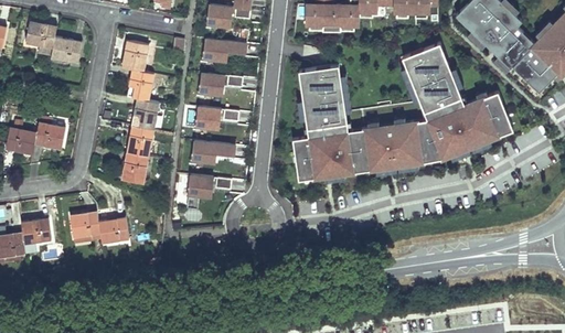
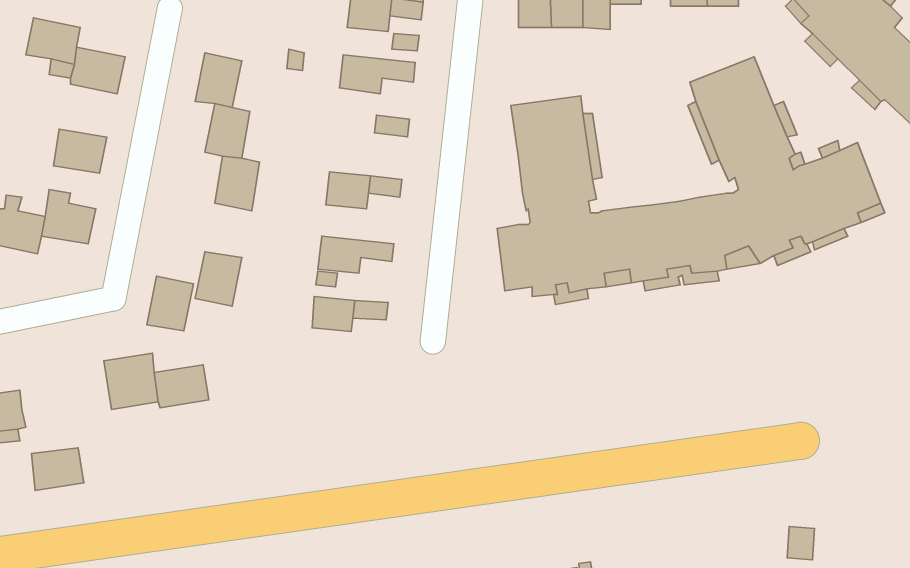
building: [200,73,224,94] -> none
building: none -> [54,129,107,173]
building: [127,125,153,155] -> [147,276,194,331]
building: [21,217,51,241] -> [31,448,84,491]

